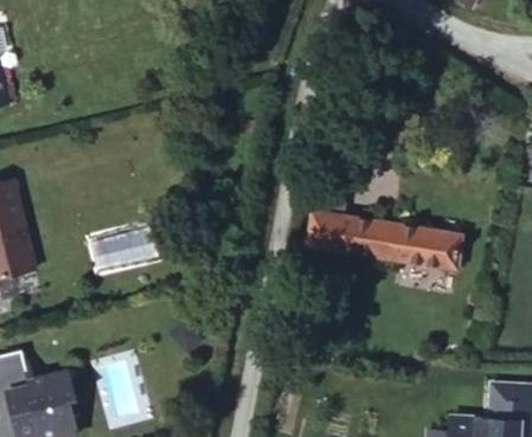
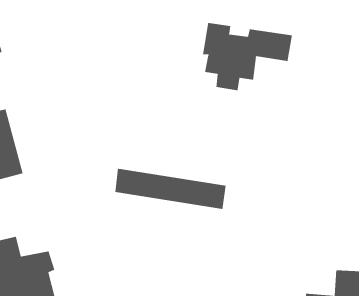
building: none -> [203,22,293,91]
building: [288,213,442,270] -> [115,168,227,209]

